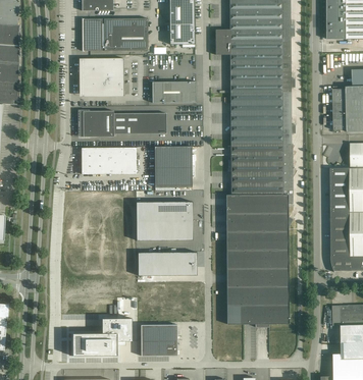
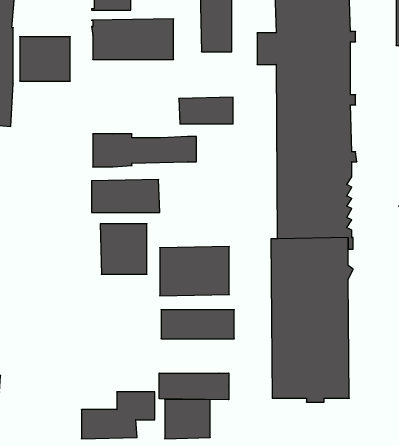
building: [83,59,123,95] -> [20,37,70,81]
building: [154,147,192,187] -> [100,224,147,274]
building: none -> [159,373,229,400]

